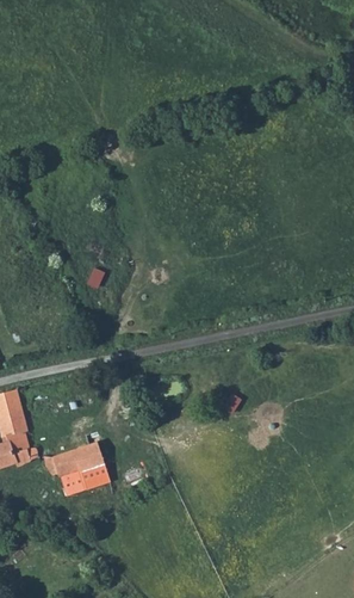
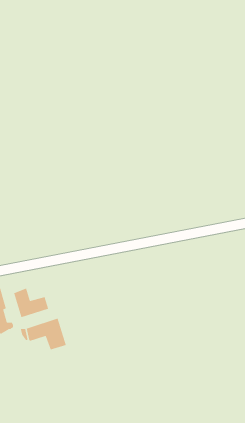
building: none -> [13,288,49,318]

